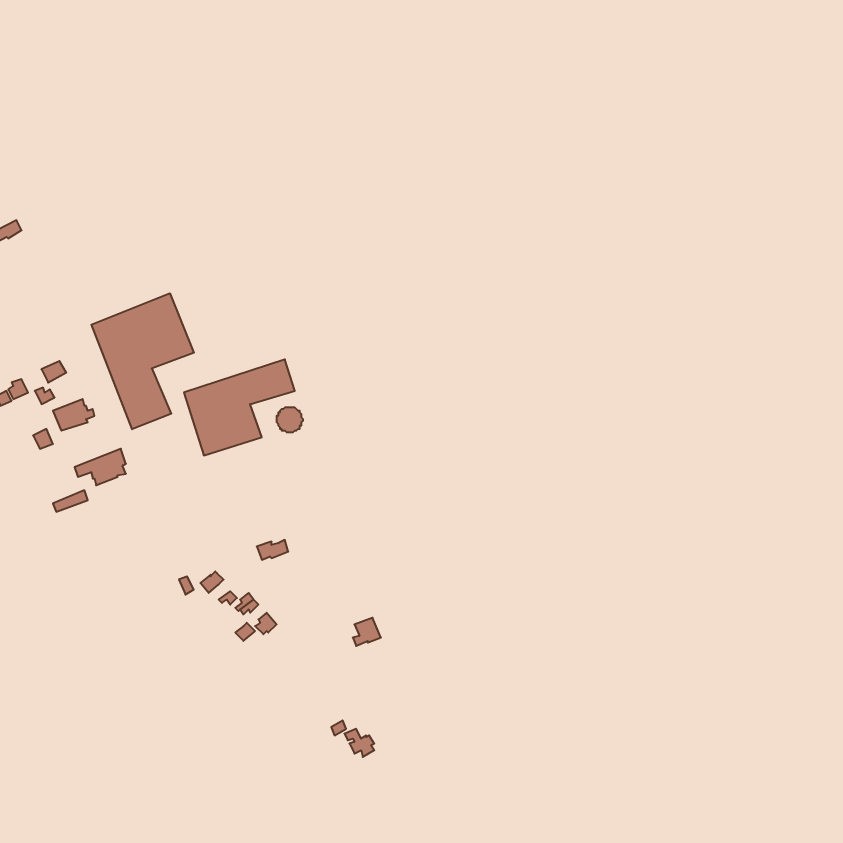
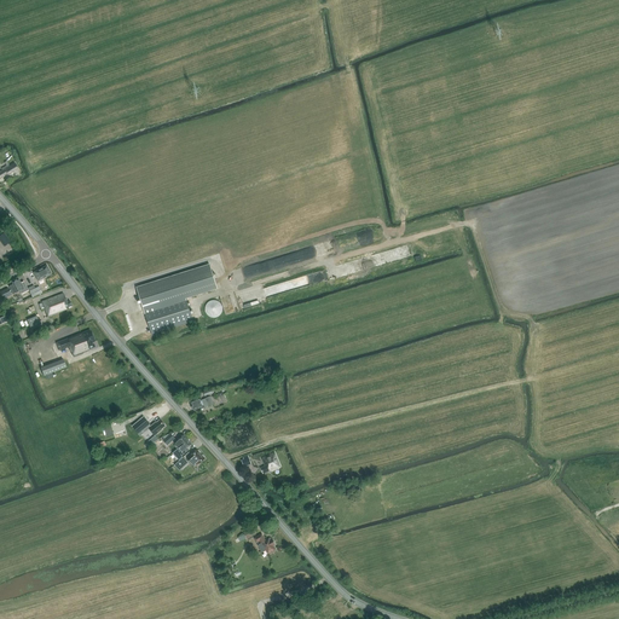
building: [91,293,194,429] -> none

